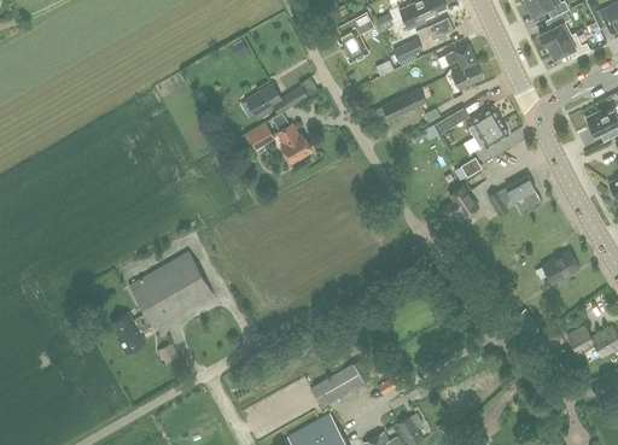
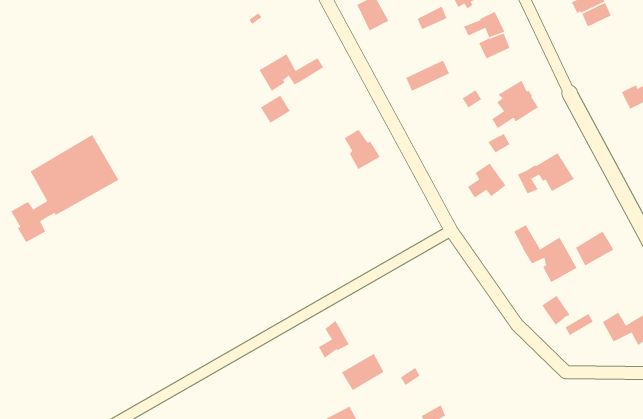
building: [276,124,311,163] -> [344,129,381,170]
building: none -> [513,224,578,283]
building: [111,251,214,353] -> [10,134,120,243]
building: none -> [318,320,350,359]

